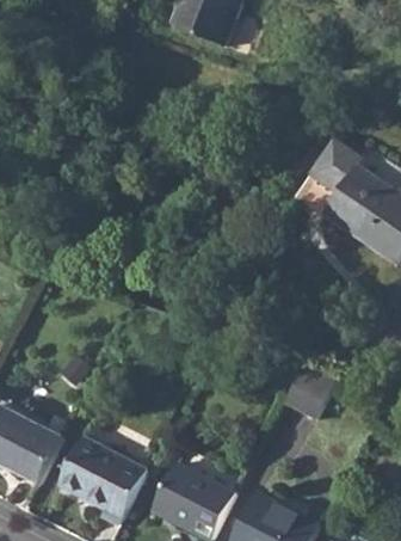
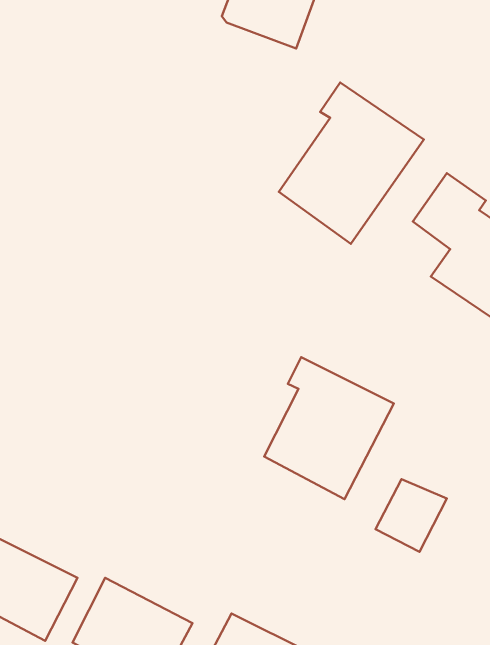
building: none -> [279,83,424,244]
building: none -> [264,357,394,499]

